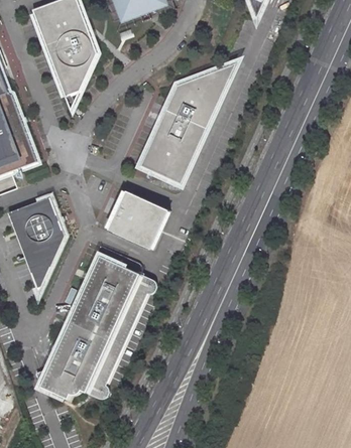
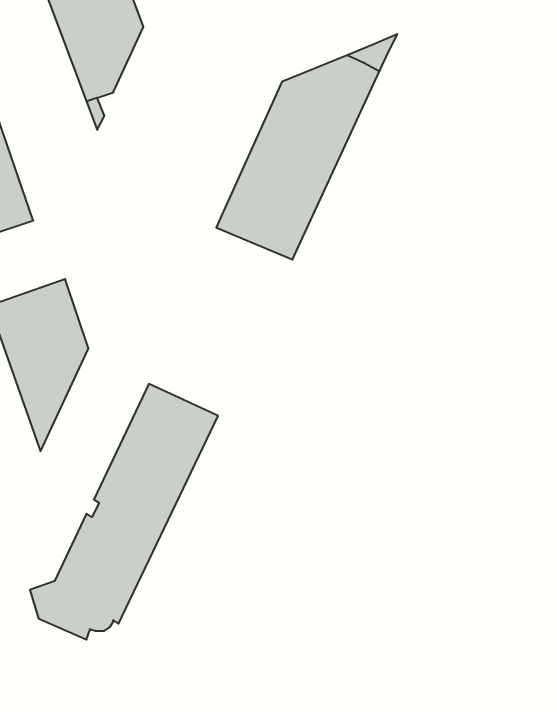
building: [107,192,167,251] -> none
building: [82,274,154,399] -> none

